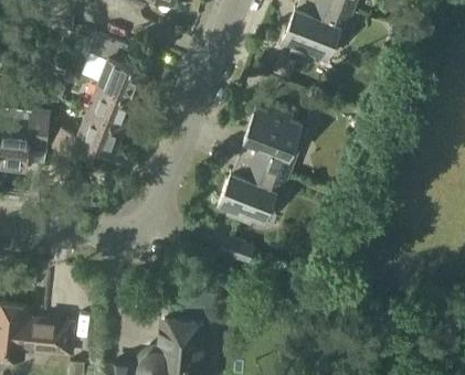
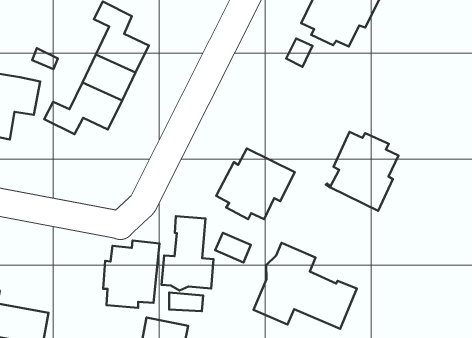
building: [237,108,302,178] -> [326,132,399,211]
building: none -> [162,216,214,291]
building: none -> [253,243,357,329]
building: none -> [103,241,160,308]

